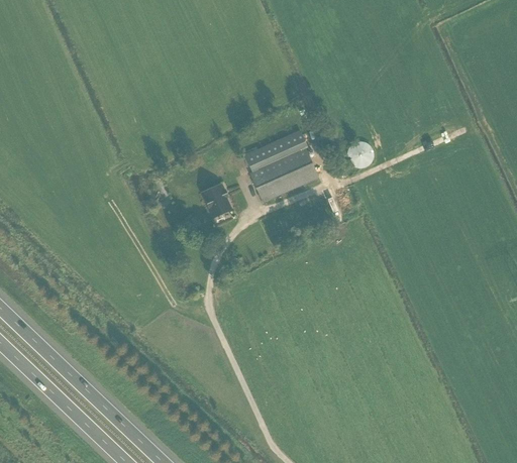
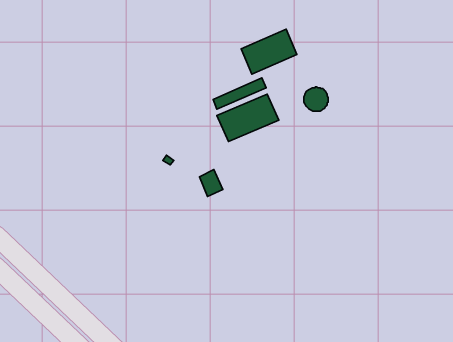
building: none -> [241,29,297,74]
building: [203,184,229,214] -> [199,170,223,197]

